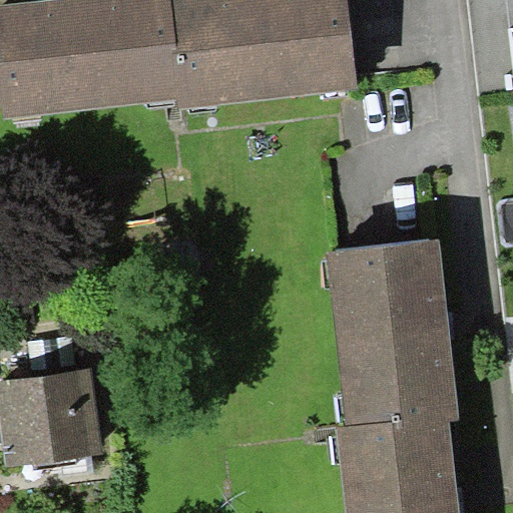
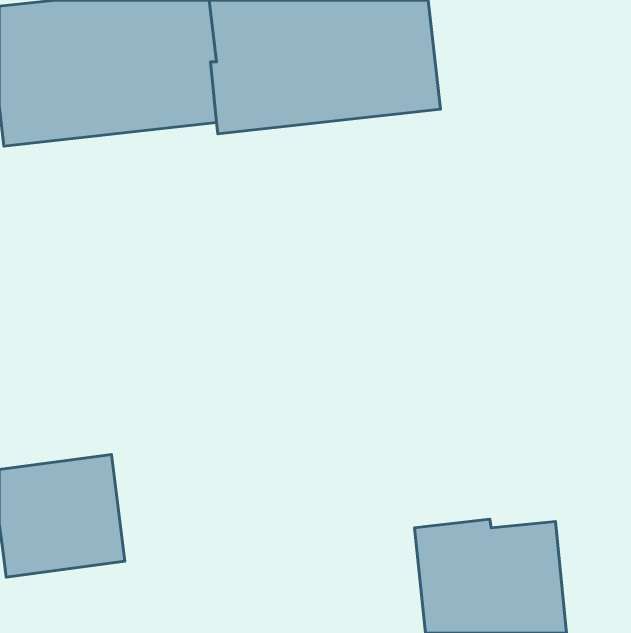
building: [326,239,460,427] -> none

